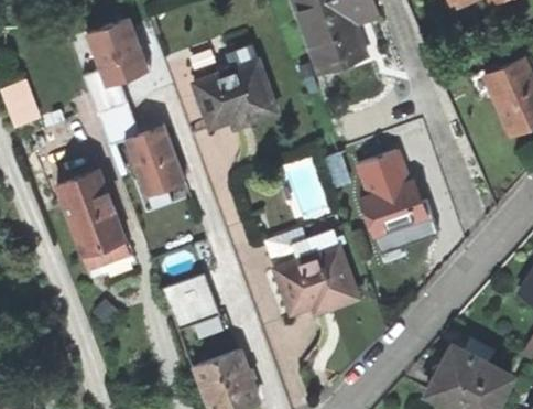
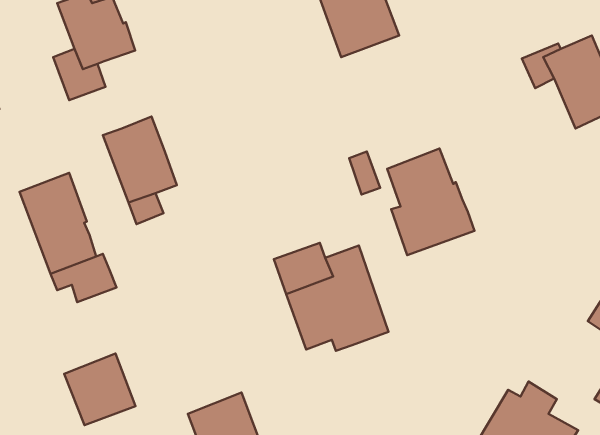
building: [194,44,278,129] -> none
building: [97,99,140,144] -> none
building: [373,201,438,255] -> none
building: [162,273,220,332] -> [64,354,136,425]

